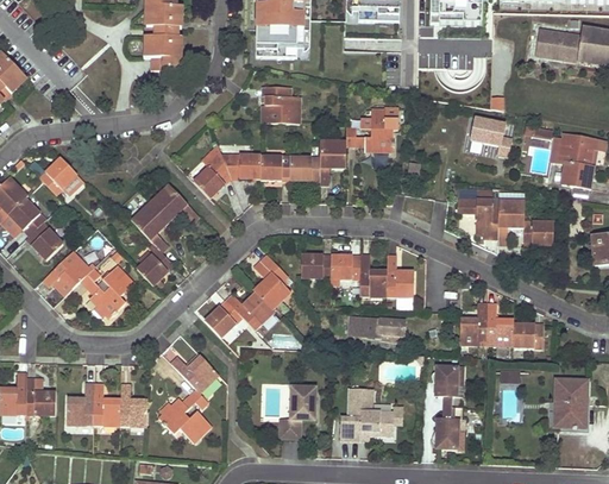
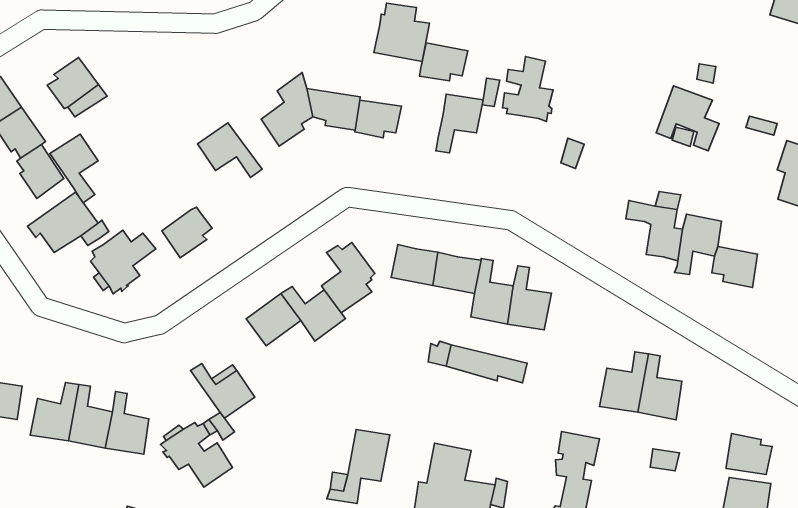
building: [289,157,320,181] -> [419,43,468,81]
building: [133,205,169,252] -> [50,134,98,203]
building: [514,322,544,347] -> [726,433,772,475]

